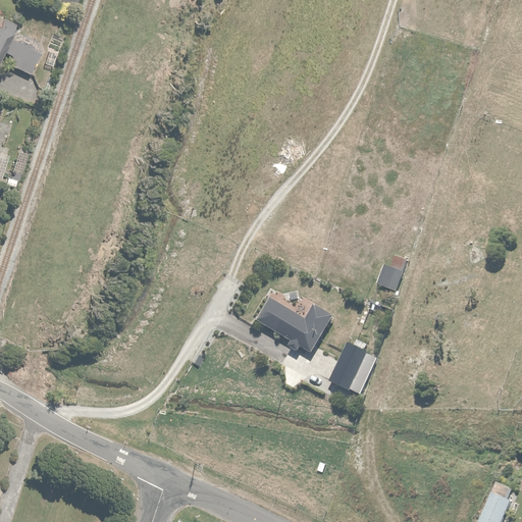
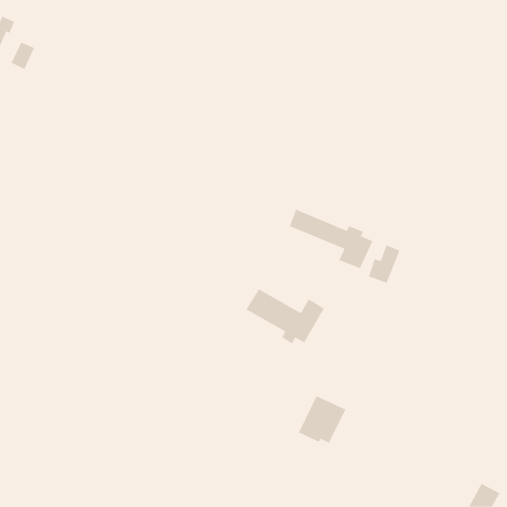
building: none -> [289,209,373,269]
building: [328,343,377,392] -> [298,396,346,443]

